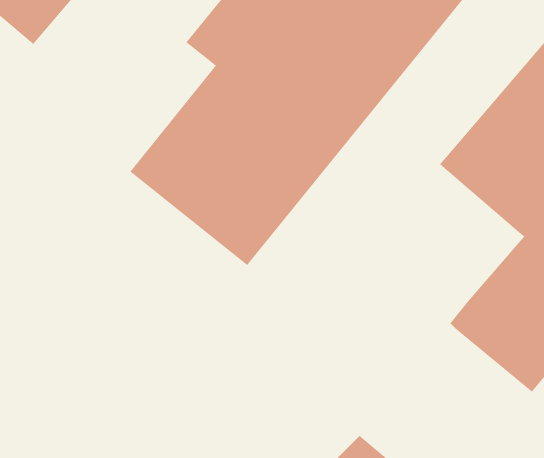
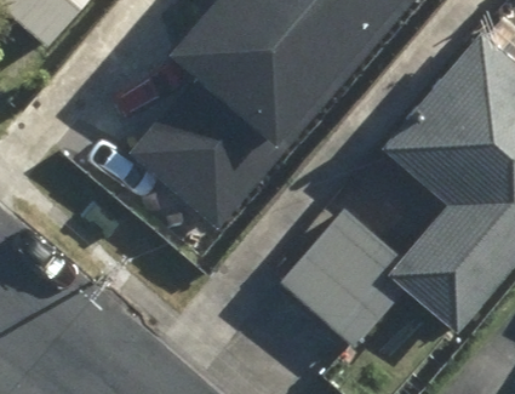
building: none -> [284,210,405,346]

